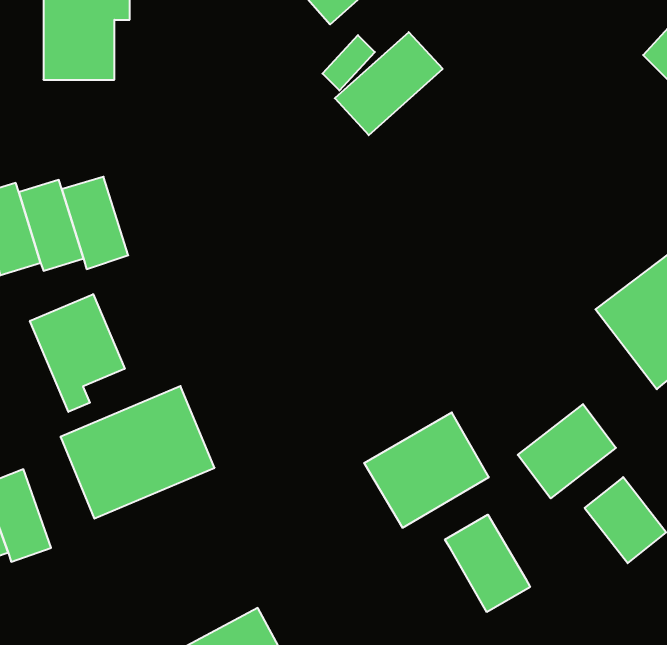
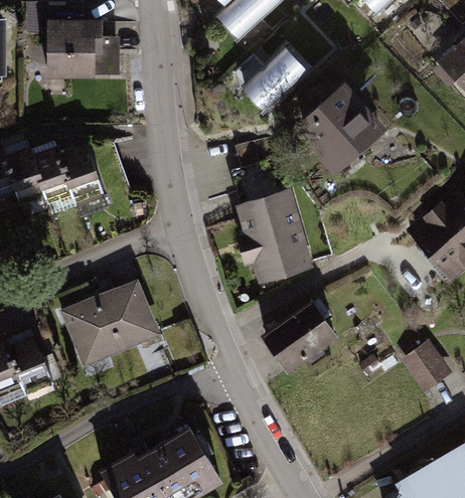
building: none -> [290,86,388,181]
building: none -> [240,190,313,282]
building: [30,294,125,412] -> none
building: [518,404,616,498] -> none
building: [445,515,530,612] -> none

